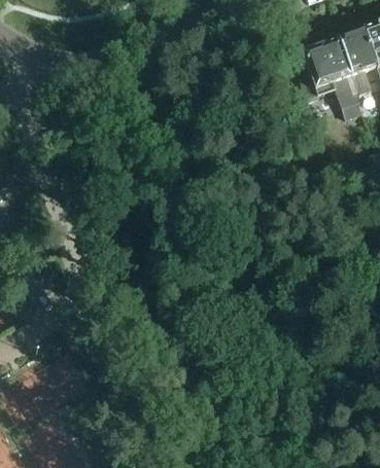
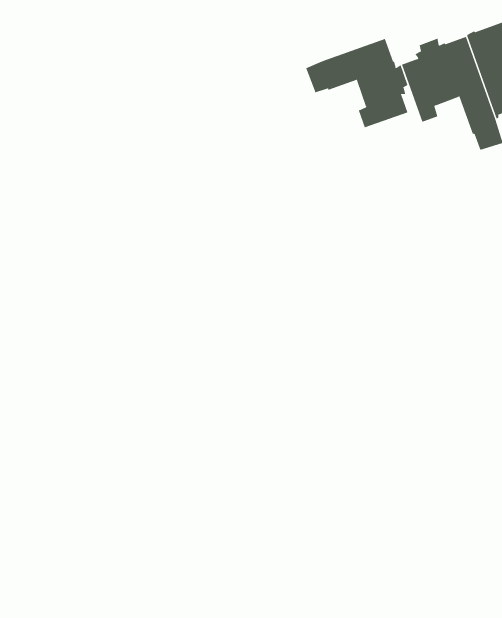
building: none -> [305,38,408,128]

